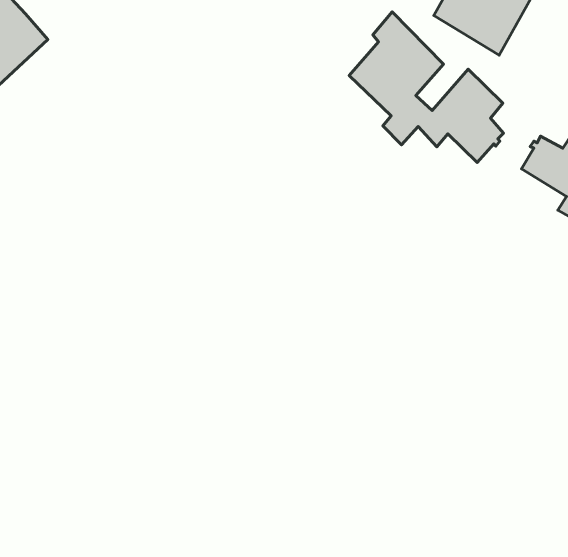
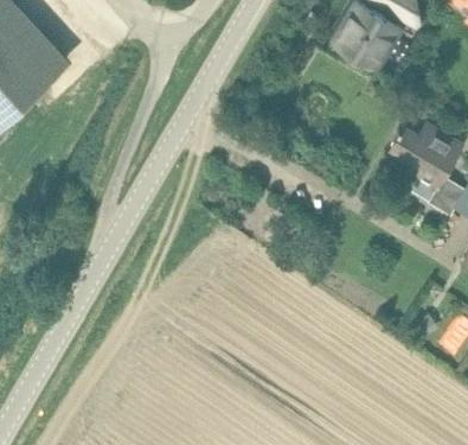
building: [349,12,504,163] -> none

